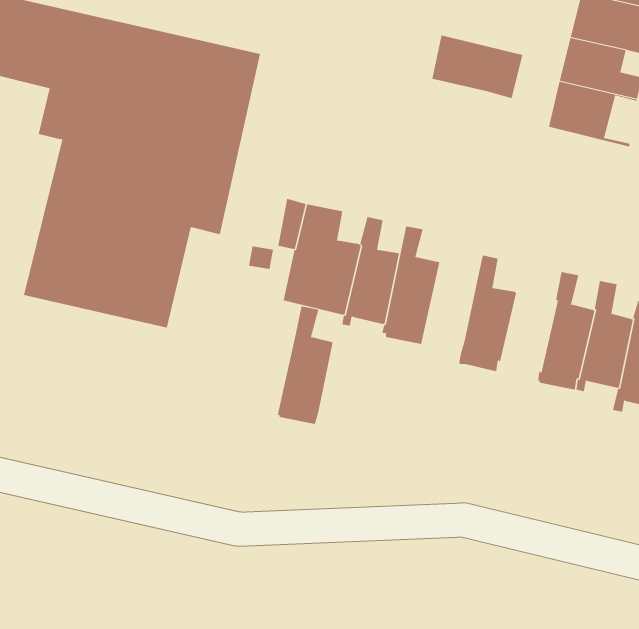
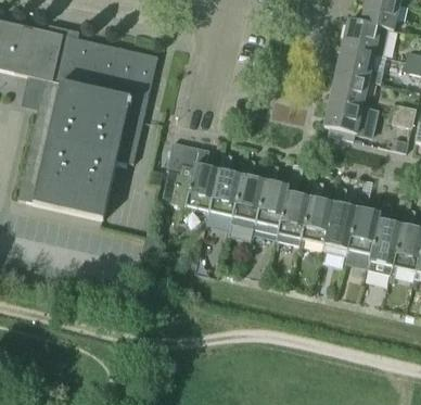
building: [432,35,523,99] -> [322,99,377,137]
building: none -> [297,180,333,245]
building: [277,306,334,425] -> [253,163,286,233]

